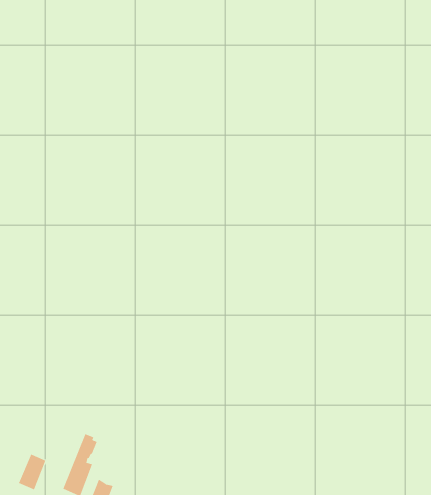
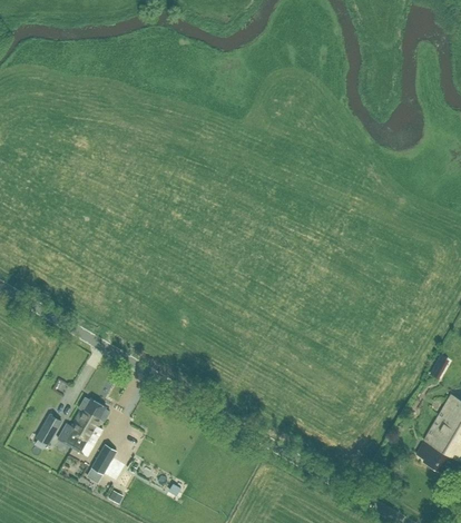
building: none -> [57,397,98,447]

